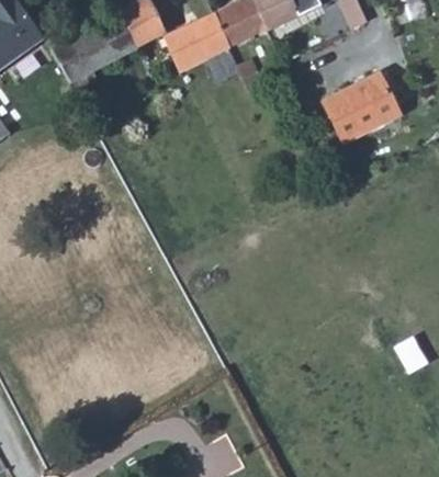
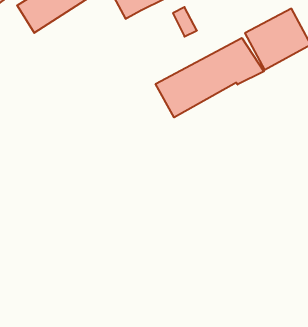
building: none -> [156,38,264,117]

